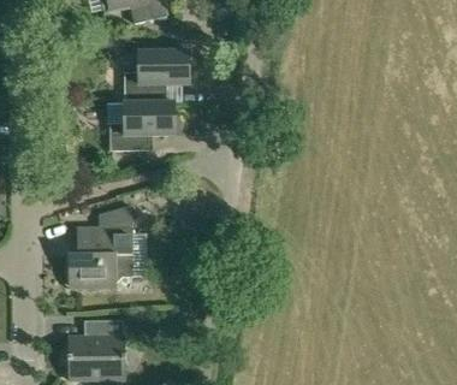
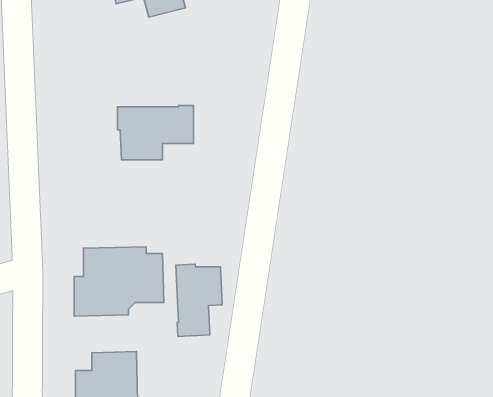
building: [107,49,189,102] -> none
building: none -> [176,264,222,336]

